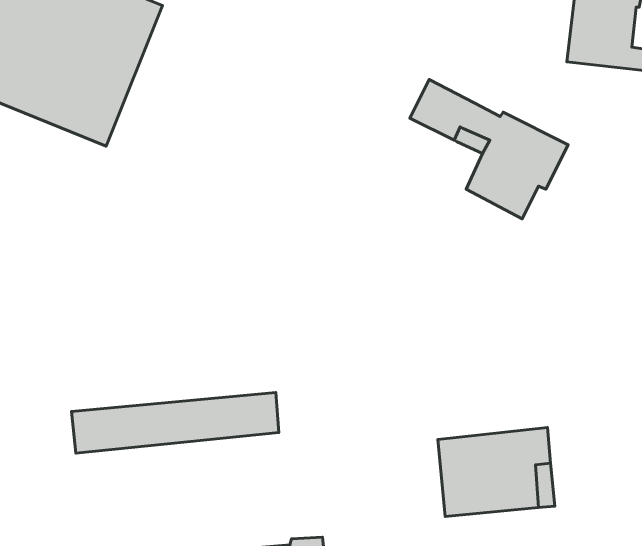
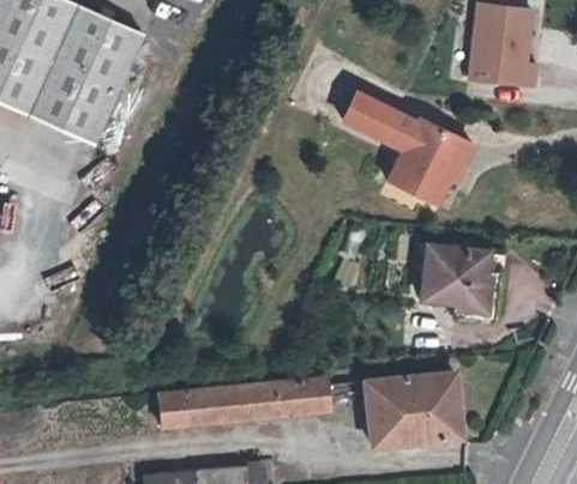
building: none -> [421,244,501,323]
building: [72,392,279,453] -> [158,377,326,426]

